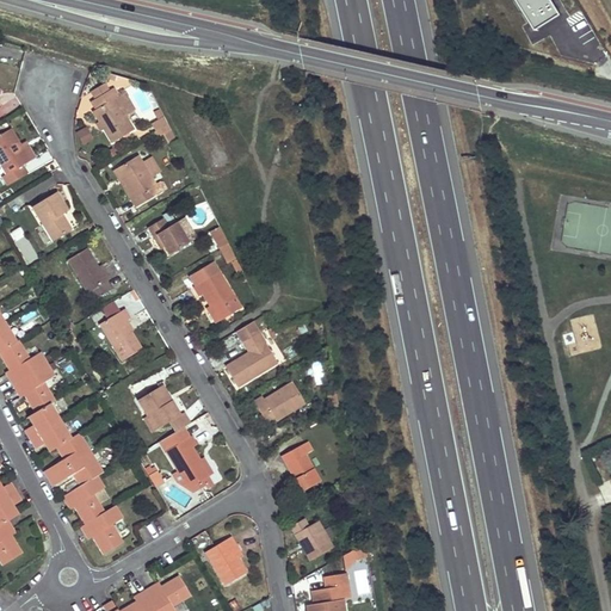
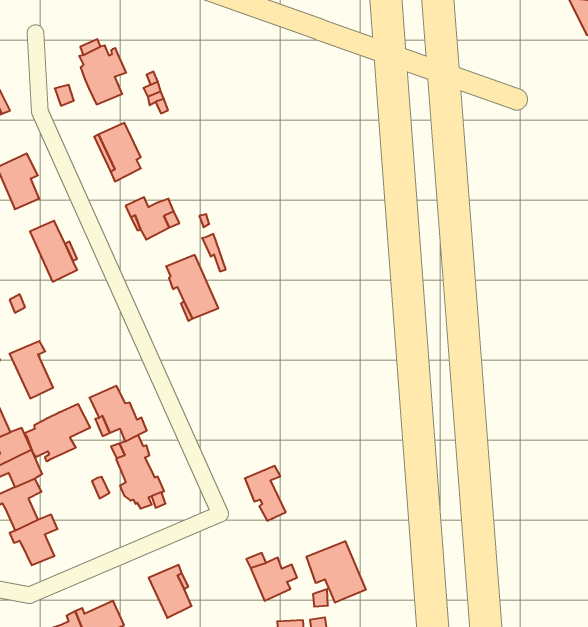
building: [99,309,141,360] -> [9,341,53,398]
building: [226,322,276,385] -> none
building: [253,382,303,421] -> none
building: none -> [24,404,90,461]
building: none -> [307,541,366,603]

